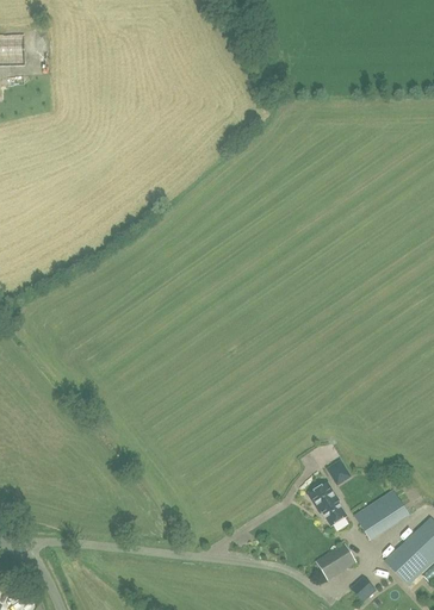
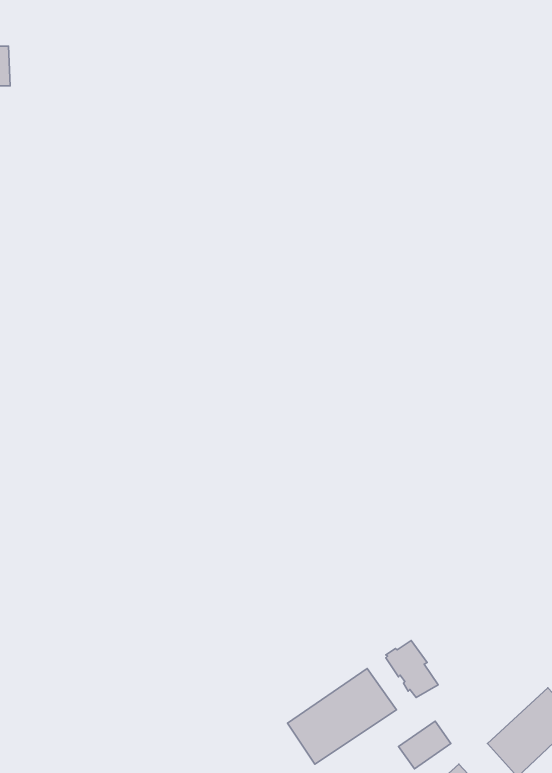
building: [354,490,408,540] -> none
building: none -> [287,668,396,764]

